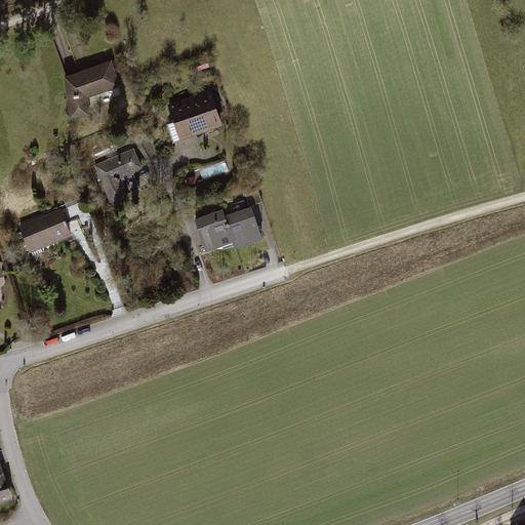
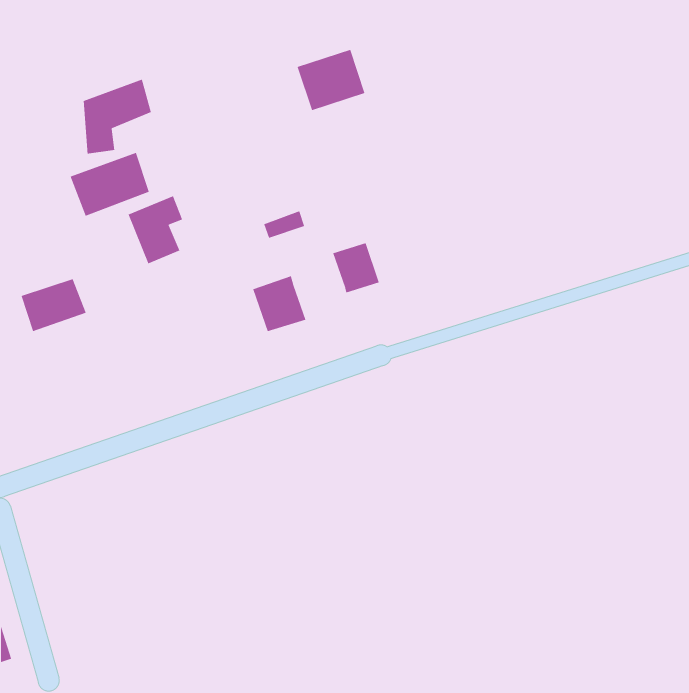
building: [168,90,220,137] -> [296,49,366,111]
building: none -> [70,152,150,217]
building: [226,207,261,246] -> [332,242,380,294]

